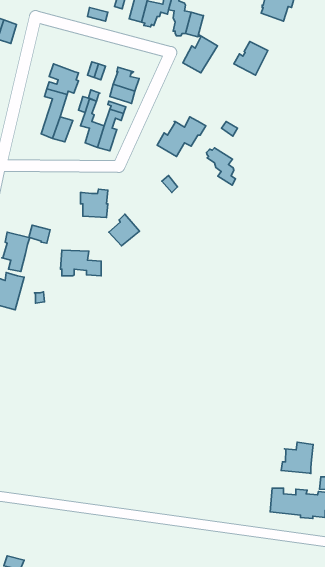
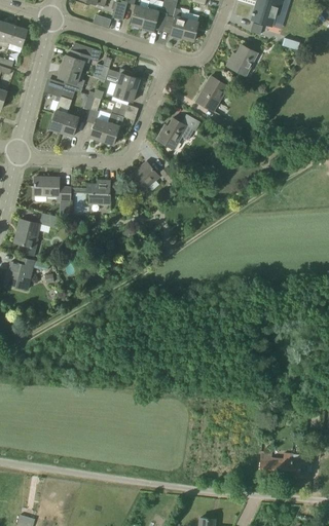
building: [183,35,218,73] -> [196,76,228,111]
building: none -> [62,42,101,73]
building: [206,148,236,185] -> none
building: [109,214,139,246] -> [132,161,159,190]
building: [61,250,101,276] -> [34,178,71,201]
building: [281,442,313,473] -> none

